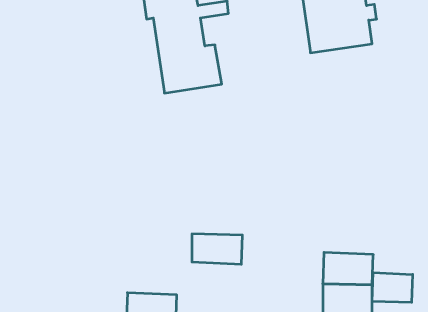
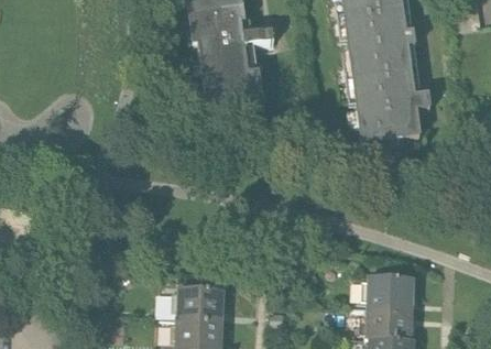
building: none -> [353,68,433,143]
building: [192,234,242,264] -> [174,285,223,315]
building: [372,272,413,302] -> none

